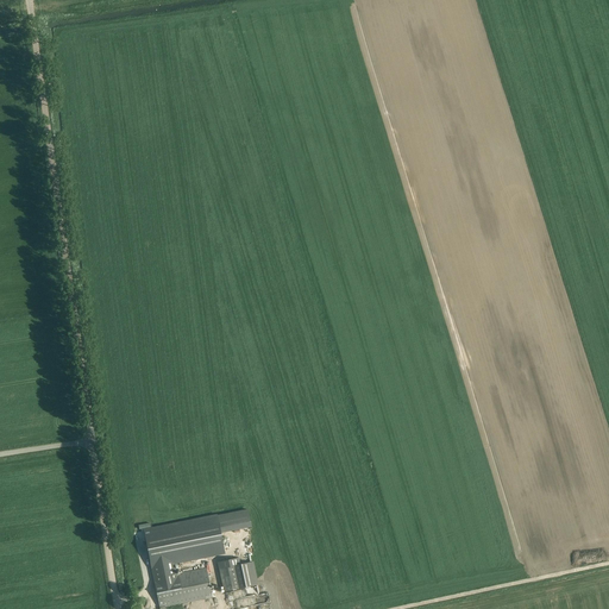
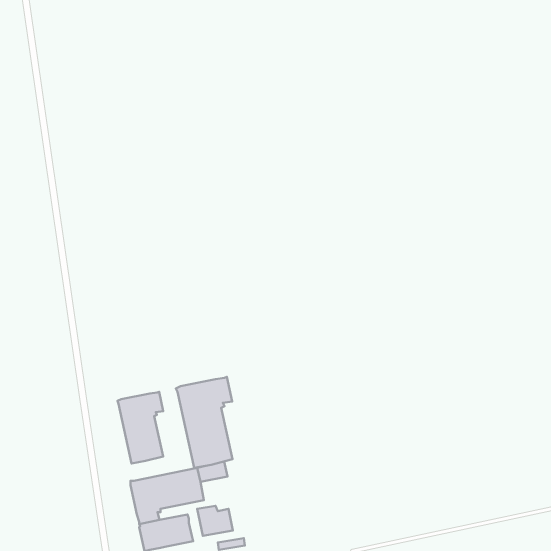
building: none -> [176,377,233,468]
building: none -> [117,392,163,464]

